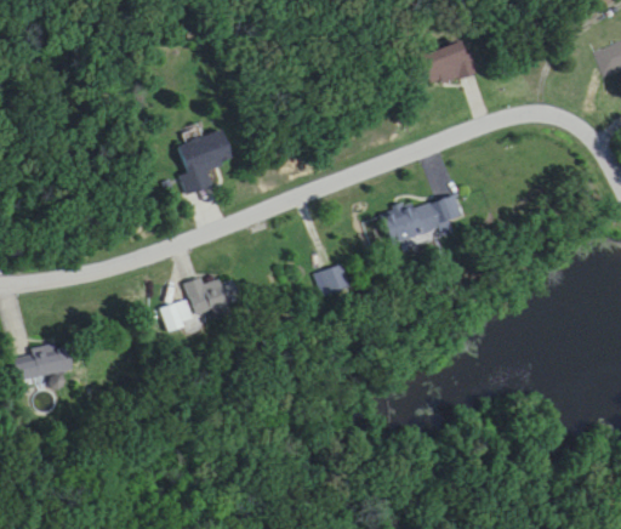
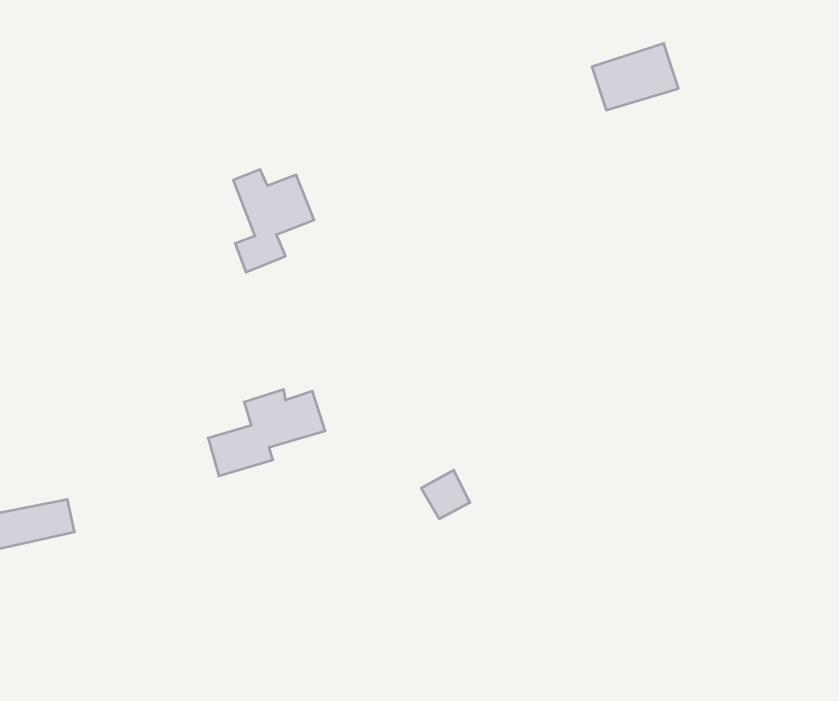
building: [364,195,462,246] -> none
building: [315,263,348,296] -> [421,470,470,519]

